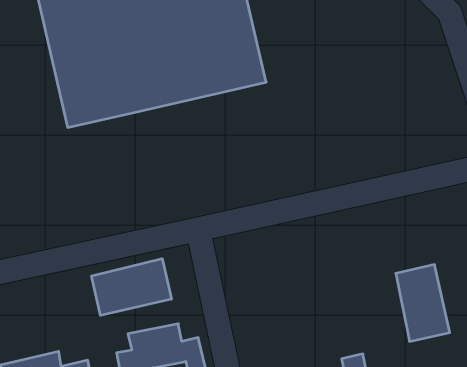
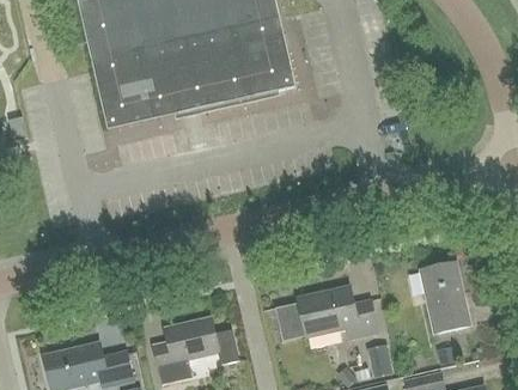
building: [92,259,171,315] -> none
building: none -> [274,285,378,337]

